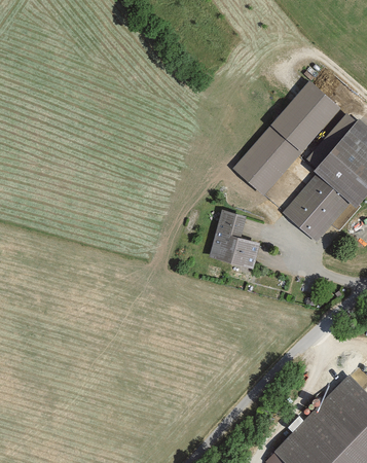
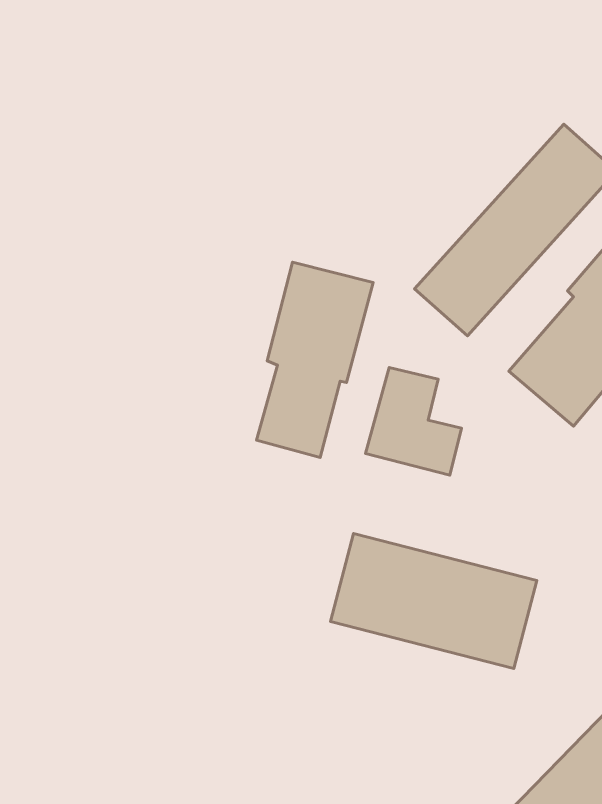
building: none -> [257,262,373,458]
building: none -> [330,534,537,668]

